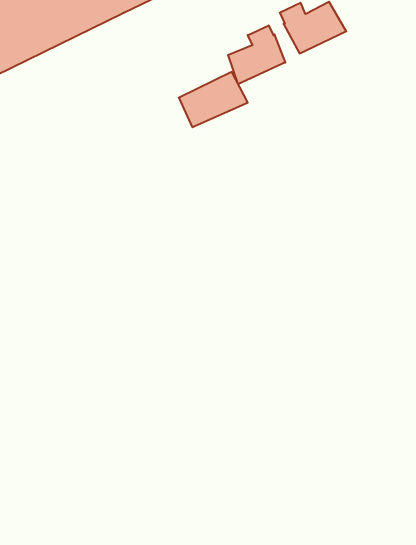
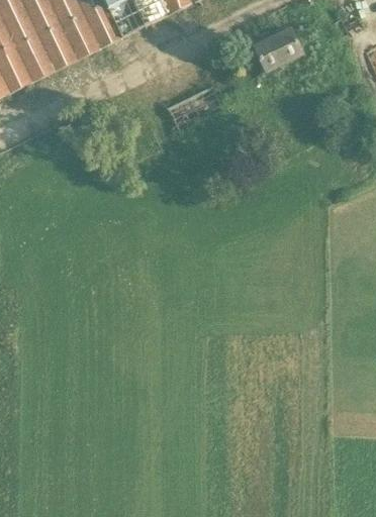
building: [228,25,285,84] -> none

